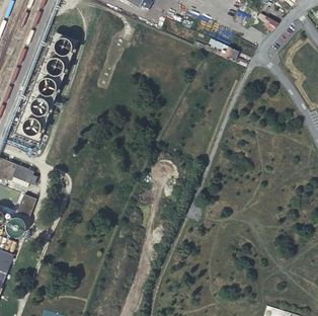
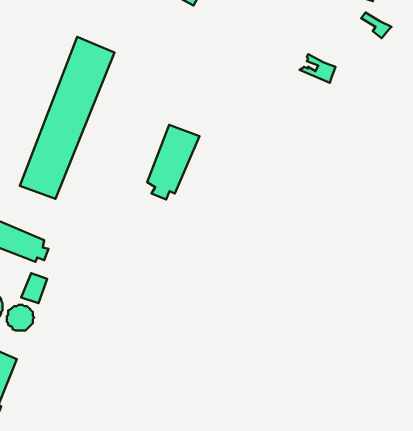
building: none -> [147,125,200,200]

